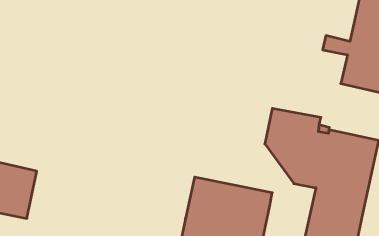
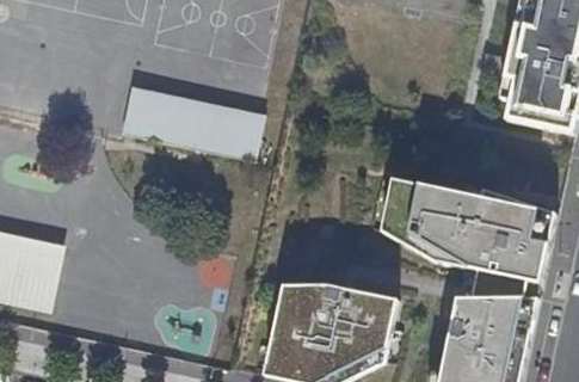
building: none -> [118,88,260,161]

